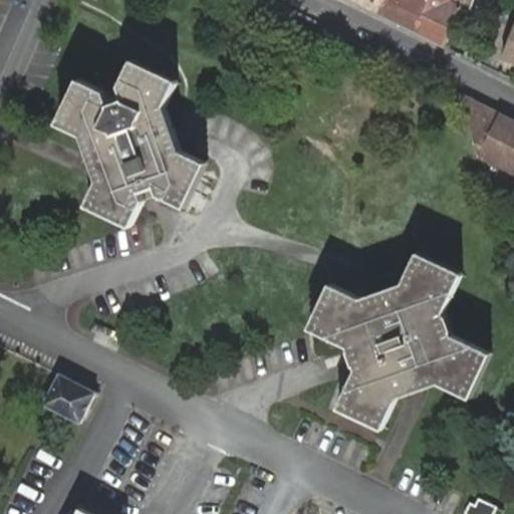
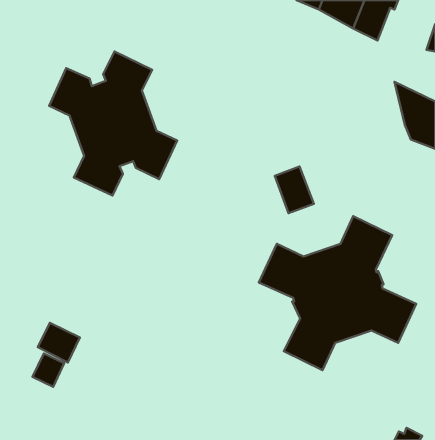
building: none -> [275,167,314,213]
building: none -> [33,354,64,387]

